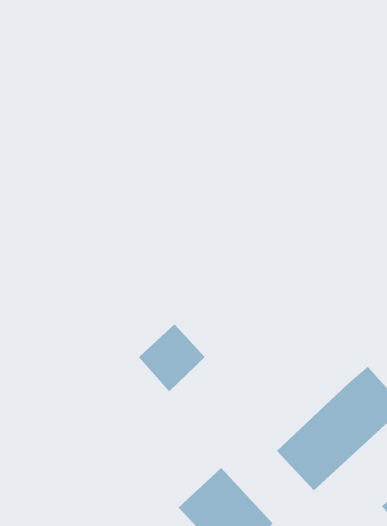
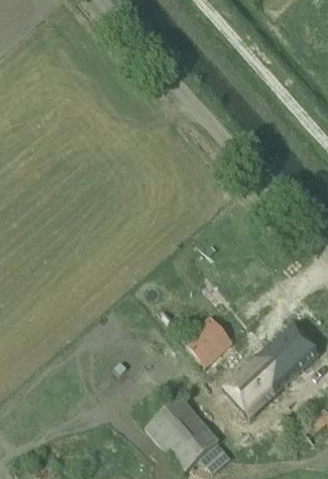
building: [138,323,205,392] -> [183,316,233,367]

